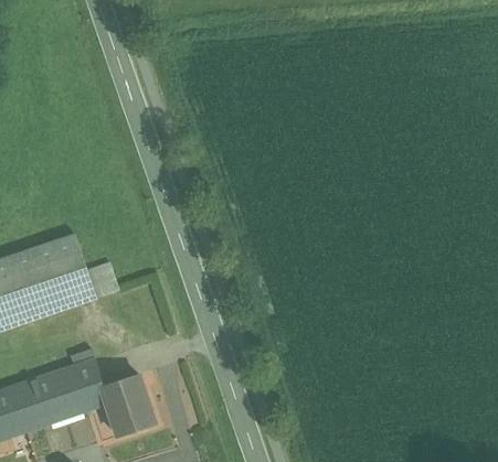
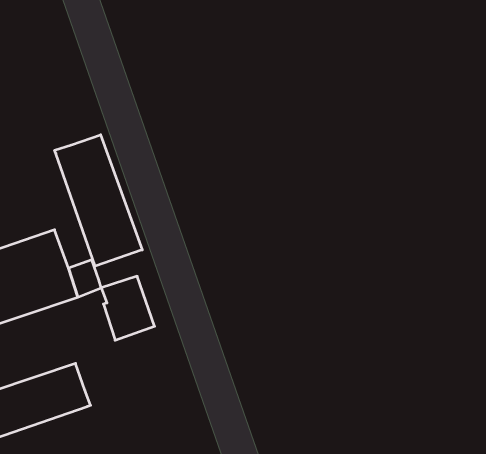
building: none -> [55,135,142,266]
building: [103,375,153,436] -> [101,276,155,340]

